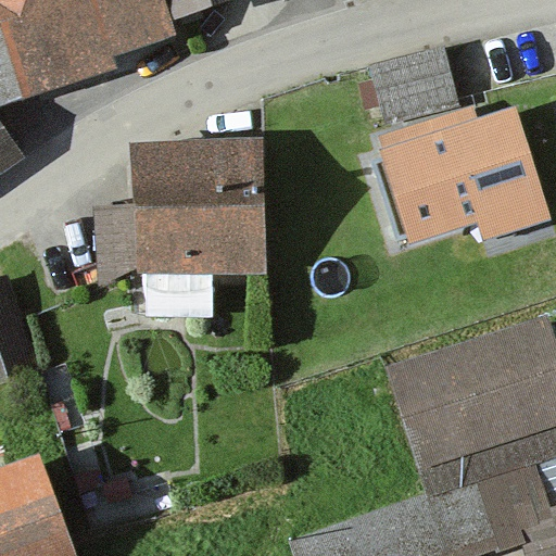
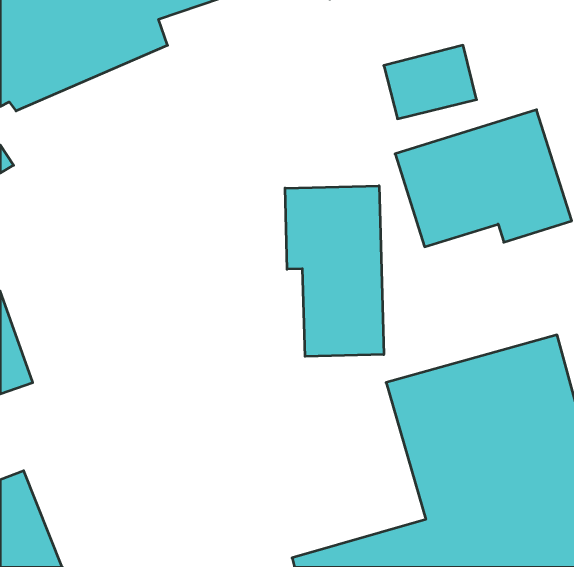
building: [122,142,255,320] -> none
building: none -> [285,186,384,356]

